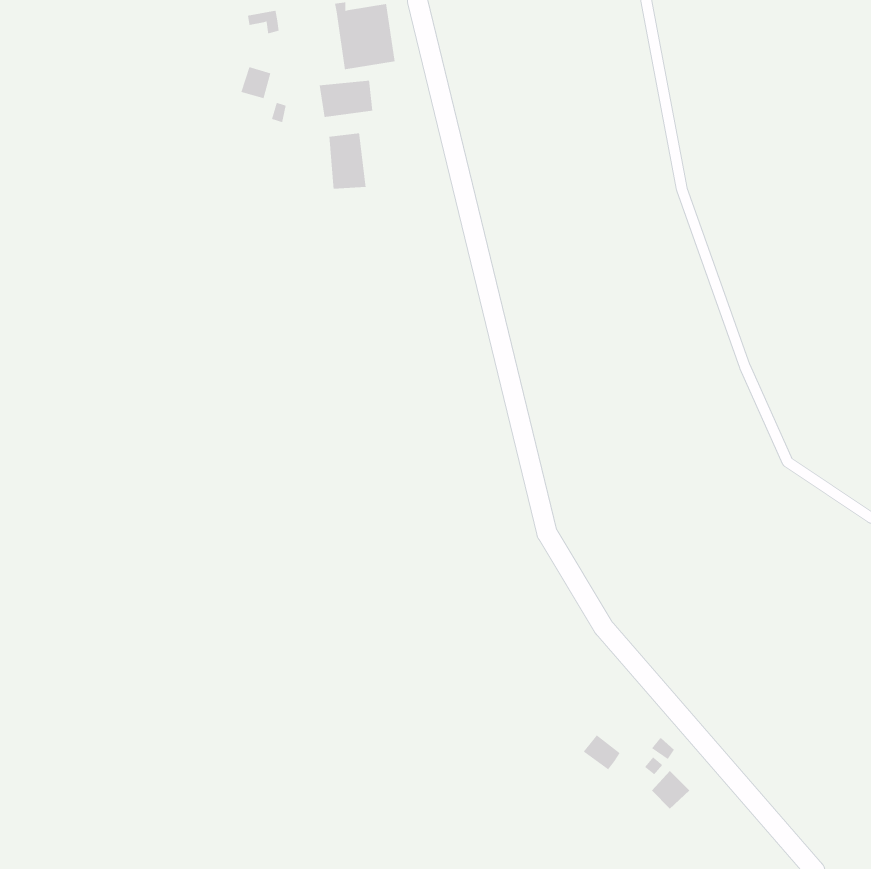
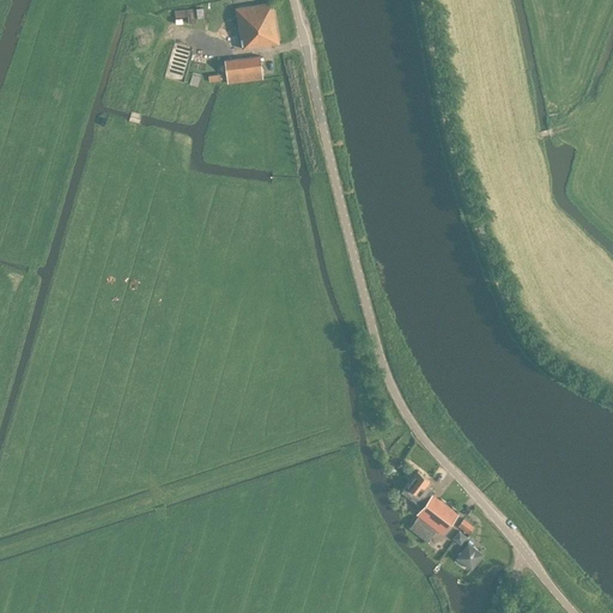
building: [329,133,366,189] -> none
building: none -> [401,472,457,534]

